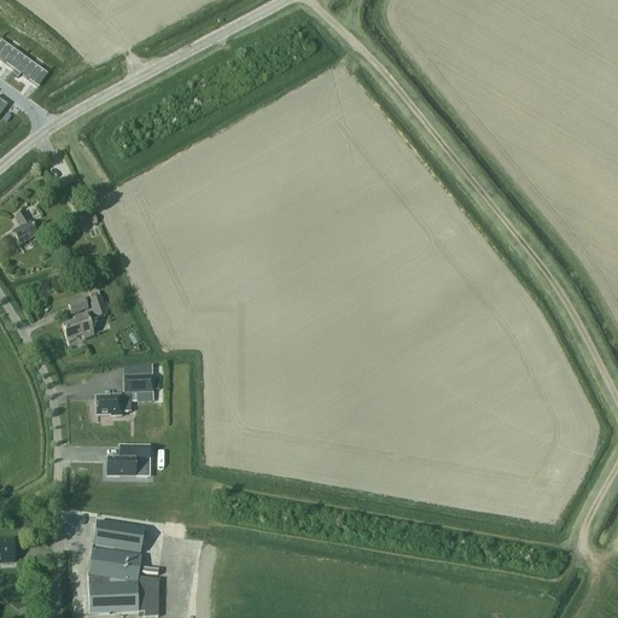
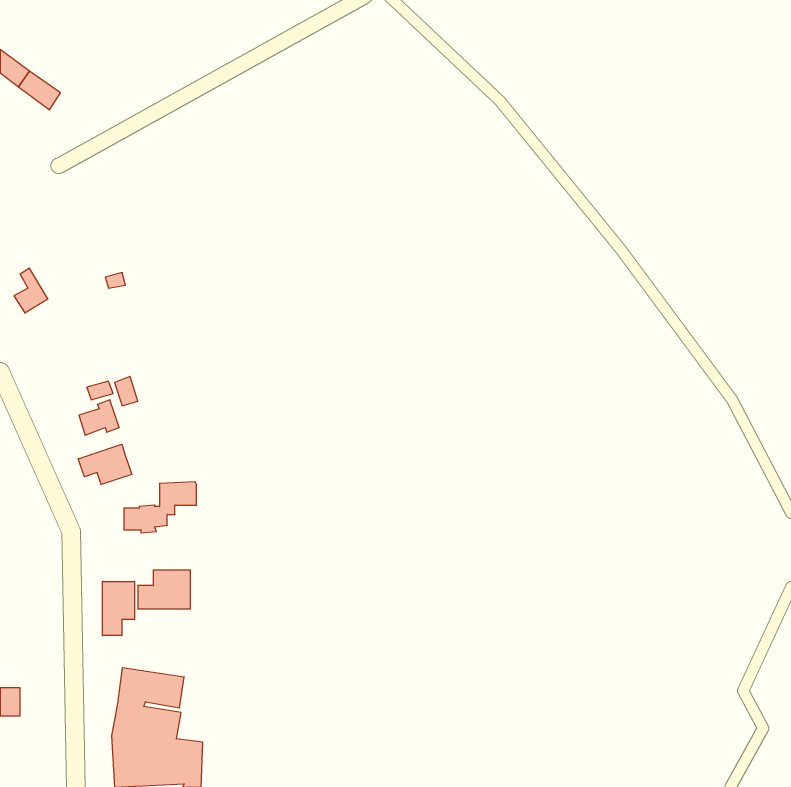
building: none -> [78,444,132,485]
building: none -> [102,581,135,636]

